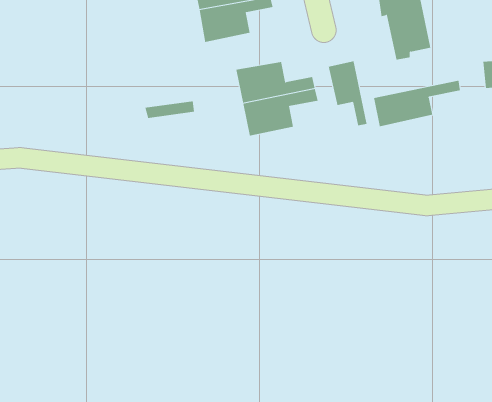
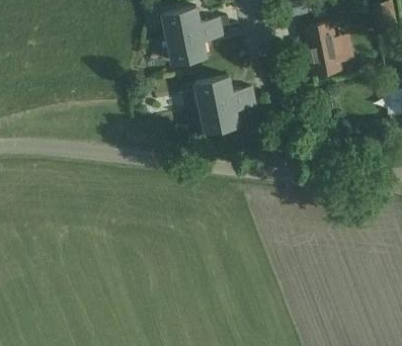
building: [328,61,367,126] -> none
building: [373,80,461,127] -> none

